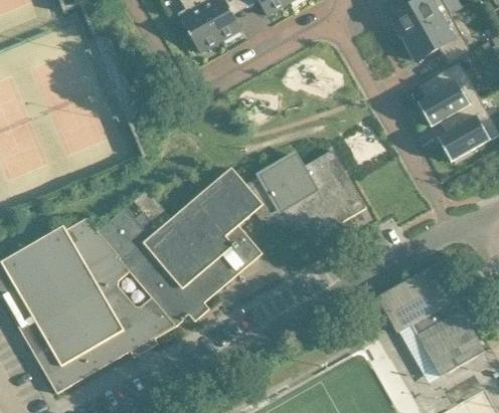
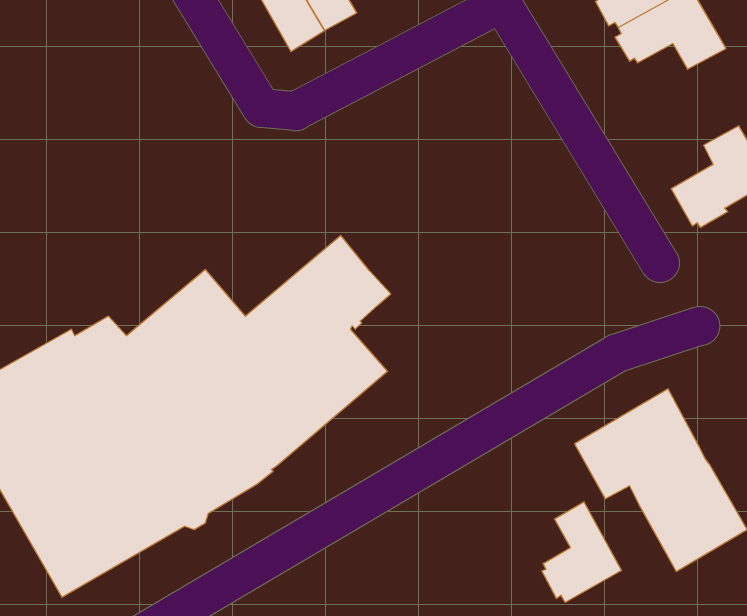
building: [417,63,479,127] -> none
building: [248,150,364,227] -> none
building: none -> [542,502,622,602]

